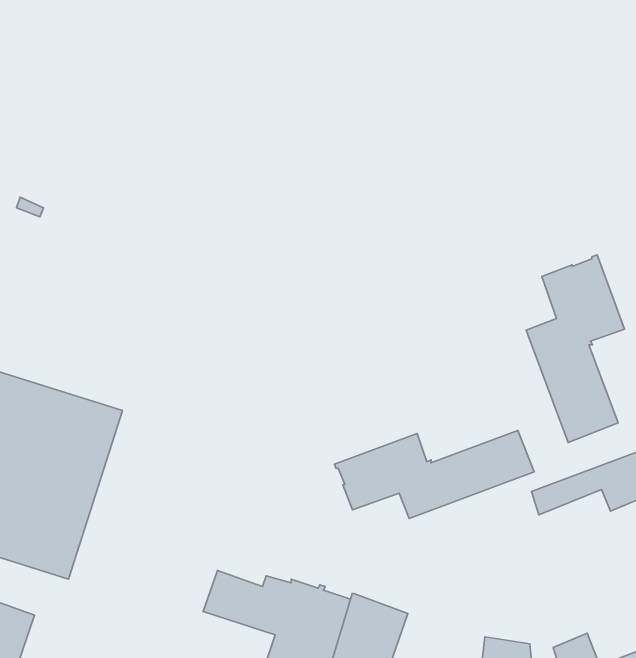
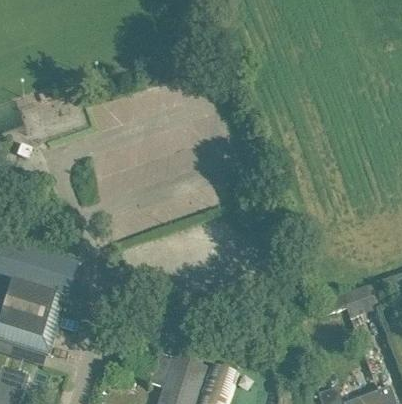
building: [526,255,624,443] -> none
building: [334,430,534,518] -> none

